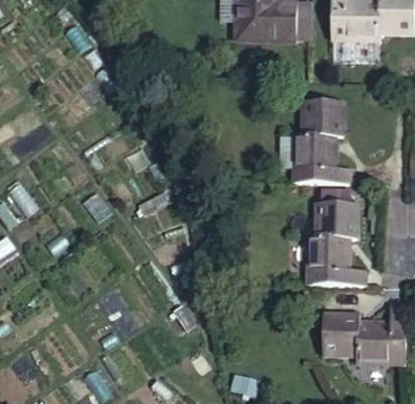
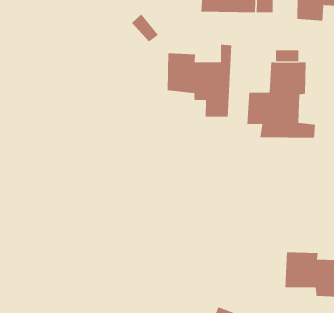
building: none -> [167,44,232,117]
building: [306,203,367,284] -> none

